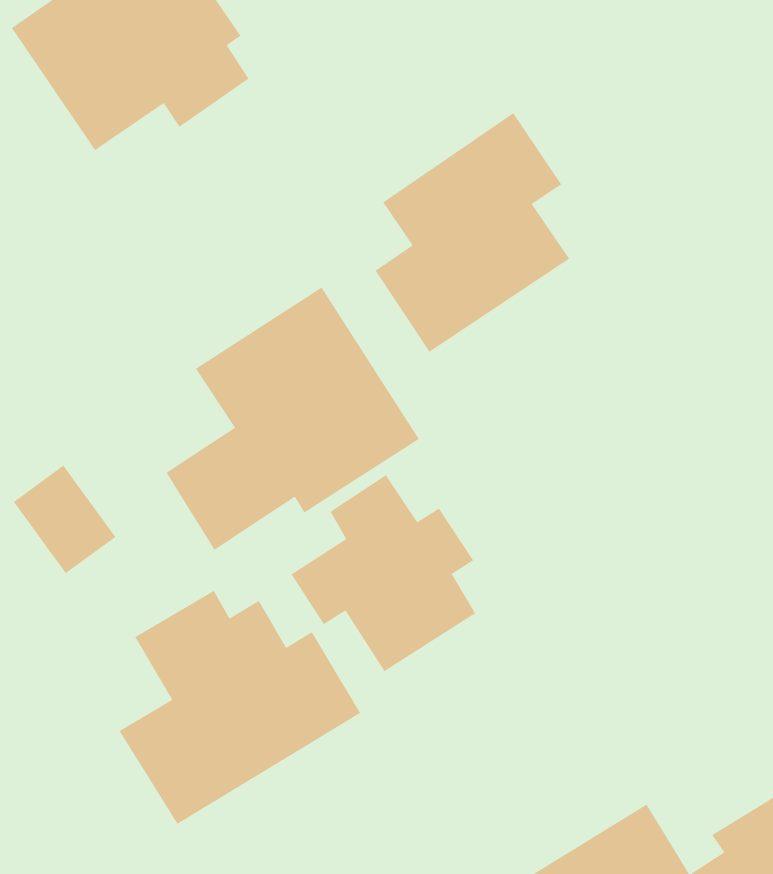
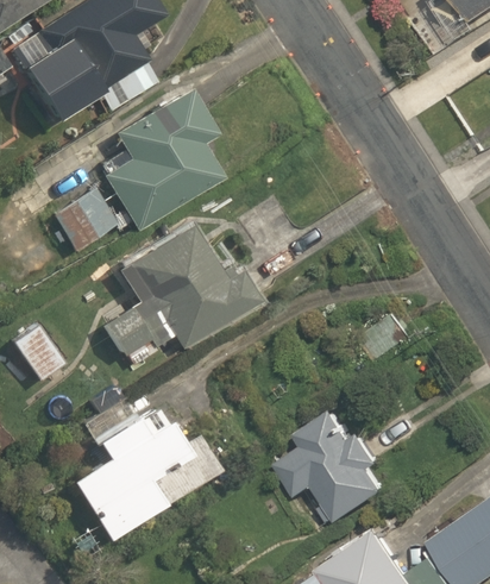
building: [374,112,570,353] -> [107,82,226,228]
building: none -> [50,182,120,251]
building: [290,474,476,672] -> [275,406,388,526]

